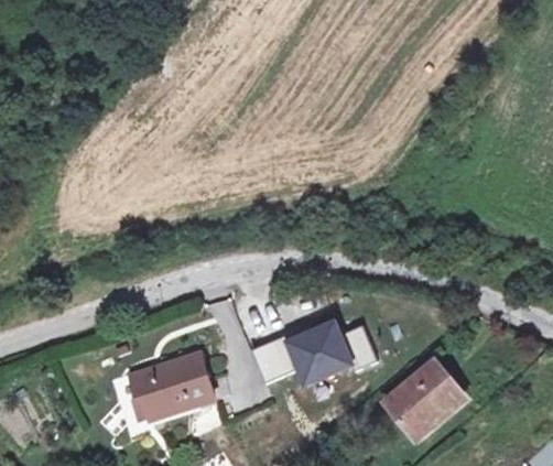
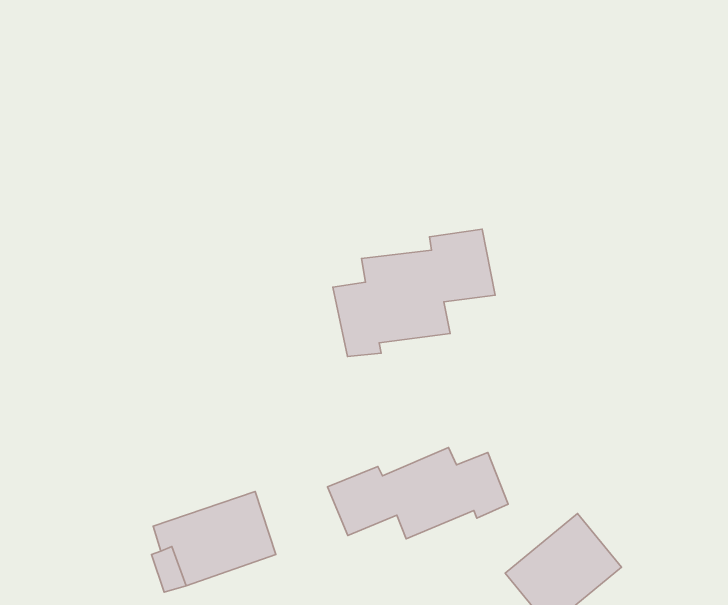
building: none -> [333,229,495,357]

